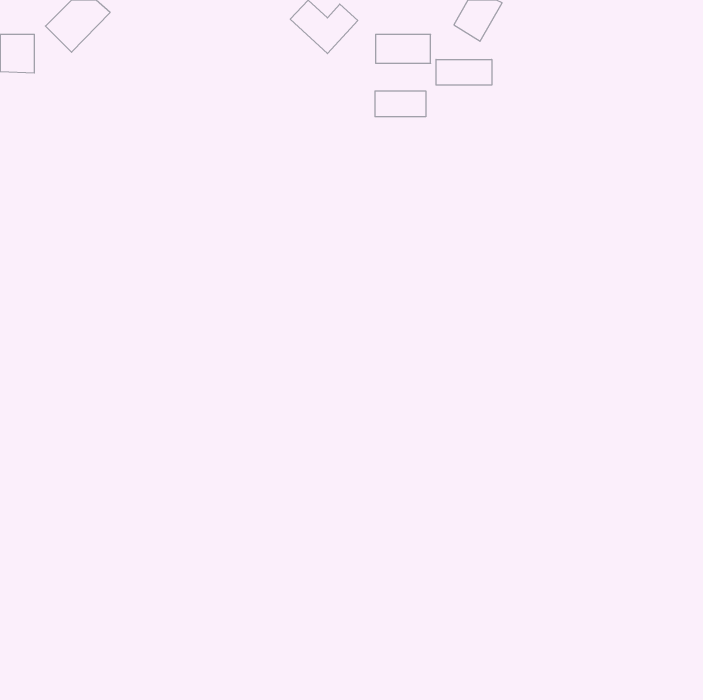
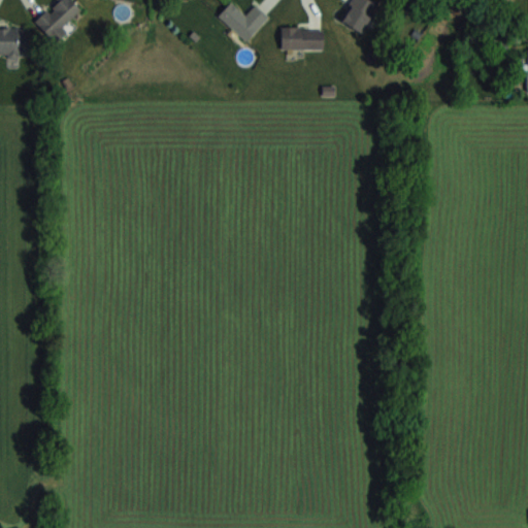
building: [436,59,492,85] -> none
building: [375,91,426,117] -> none

